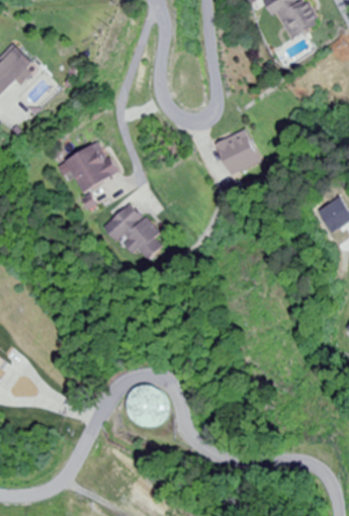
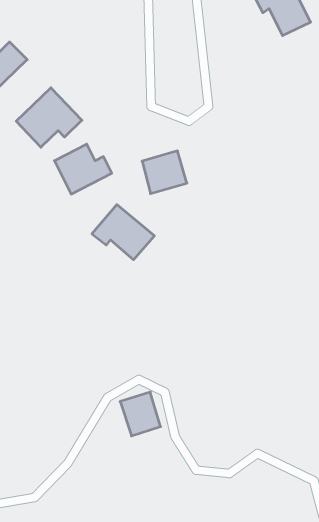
building: none -> [16,88,82,147]
building: [214,131,258,172] -> [142,151,187,194]

